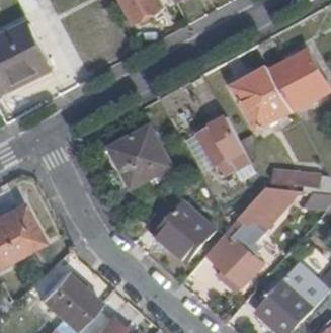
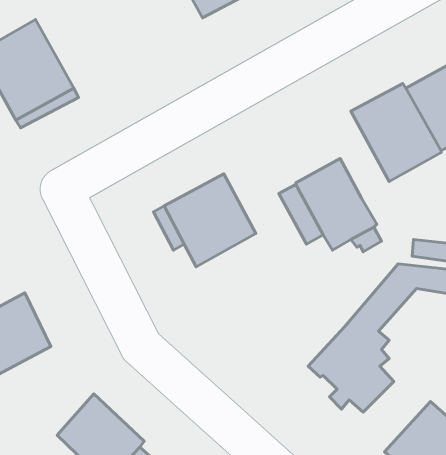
building: [147,194,215,260] -> none

